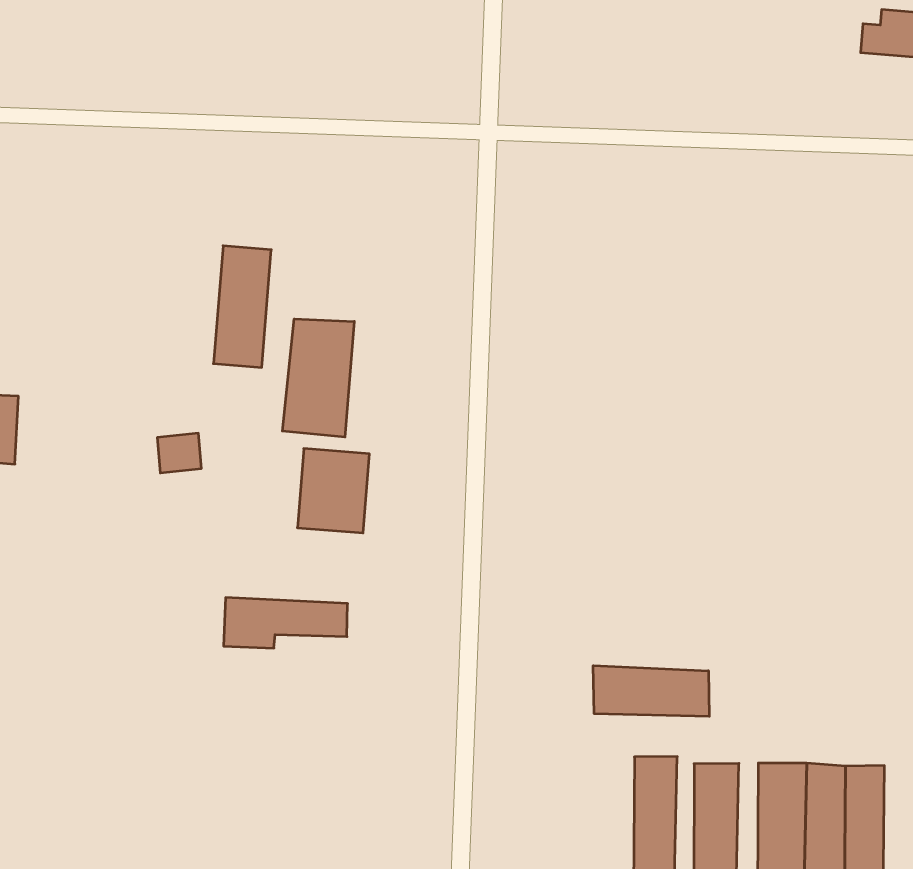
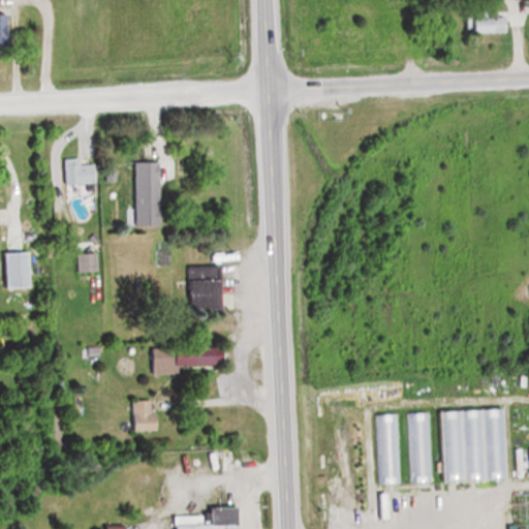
building: none -> [65,159,97,183]
building: [282,319,354,437] -> none
building: [157,433,201,473] -> [75,251,100,274]
building: [593,666,709,716] -> none
building: none -> [131,401,154,431]

